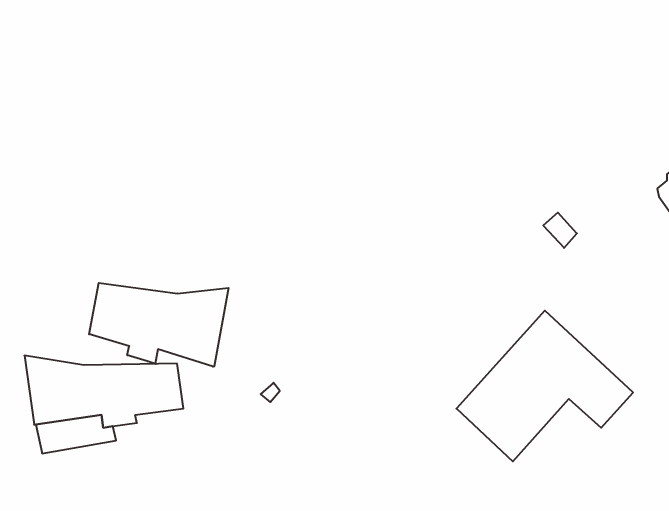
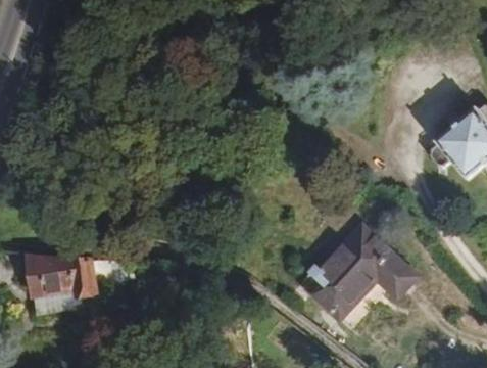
building: [89,283,229,367] -> none

